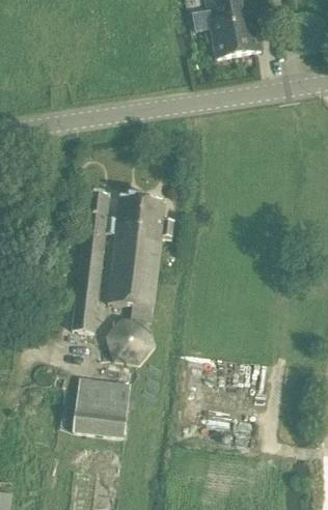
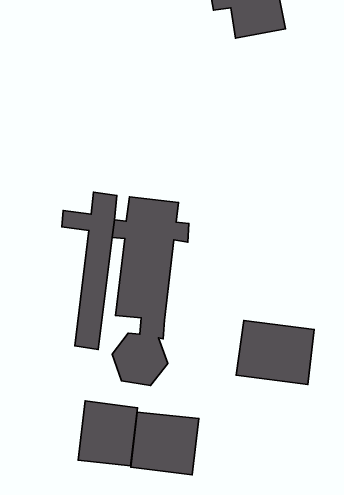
building: none -> [236,320,314,385]
building: none -> [131,412,199,475]

